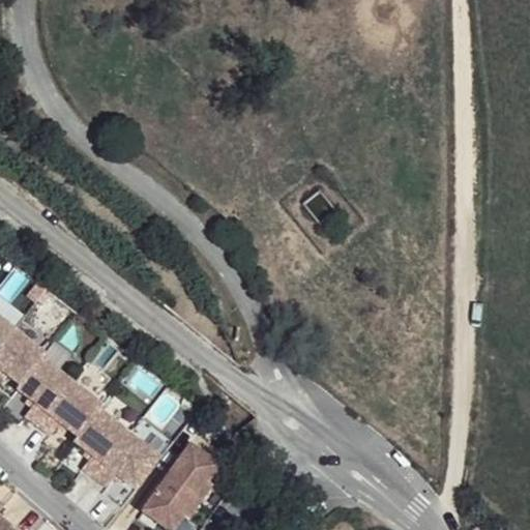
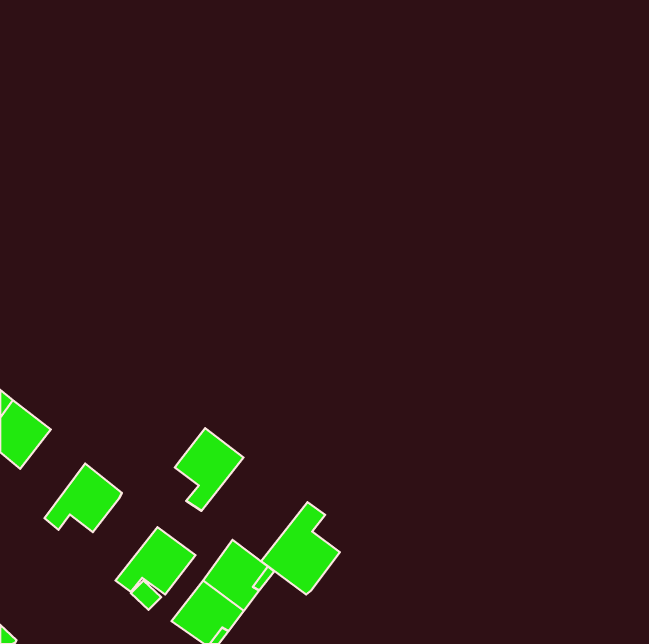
building: [13,354,69,422] -> none
building: [72,406,128,473] -> [175,428,243,511]
building: none -> [261,502,340,595]

